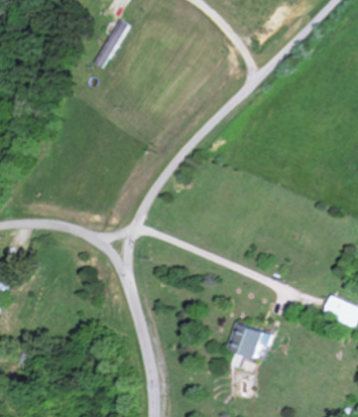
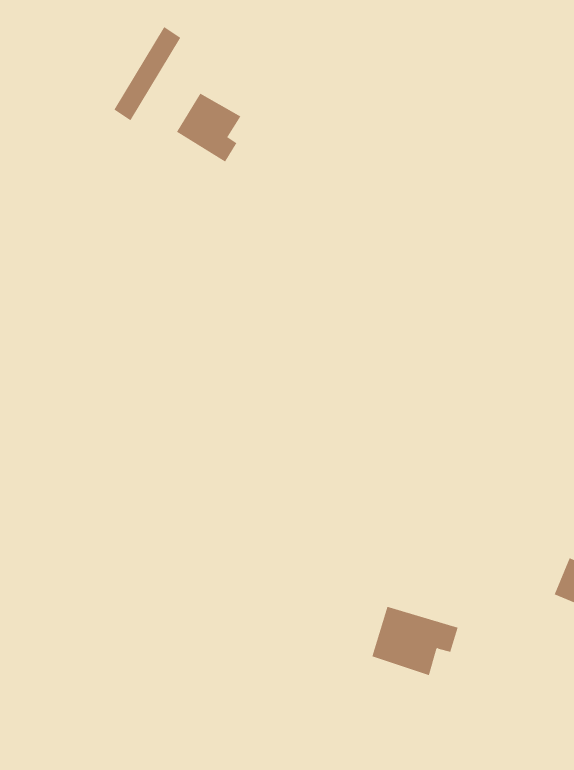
building: none -> [176,93,241,162]

